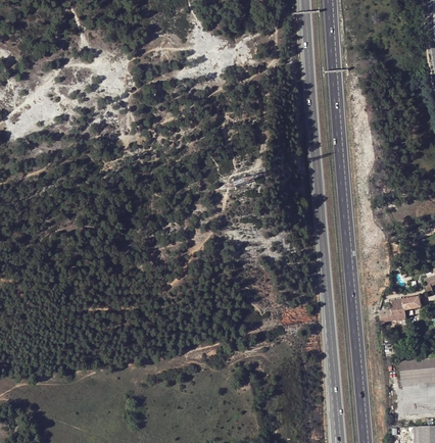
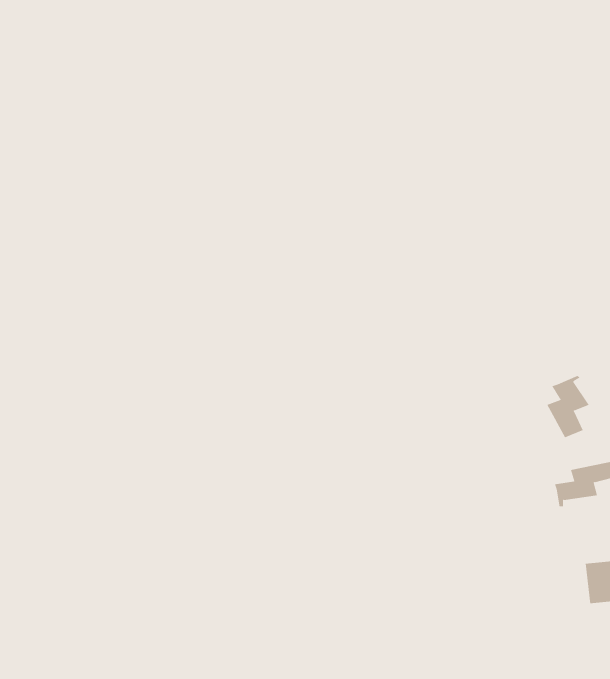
building: none -> [546,375,590,438]

